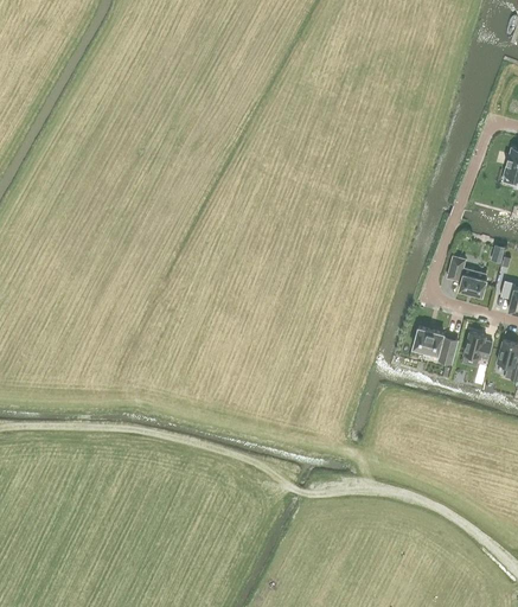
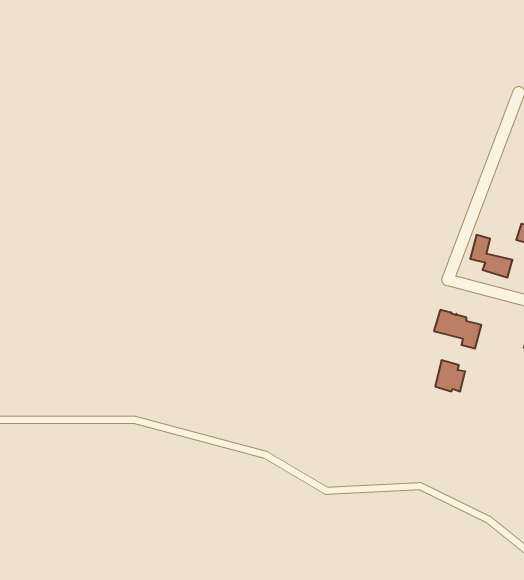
building: [463,331,492,360] -> [435,360,465,391]

